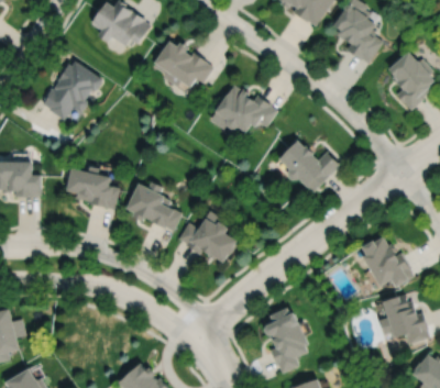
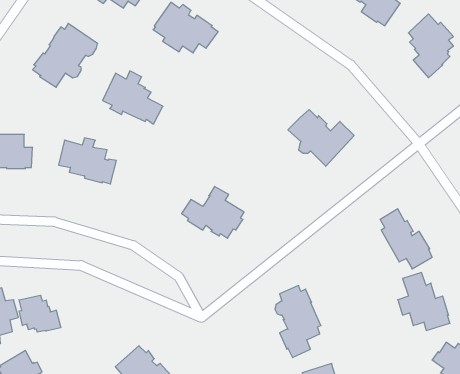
building: [210,85,277,133] -> none
building: [125,182,182,232] -> [103,71,163,124]
building: none -> [19,295,61,332]

